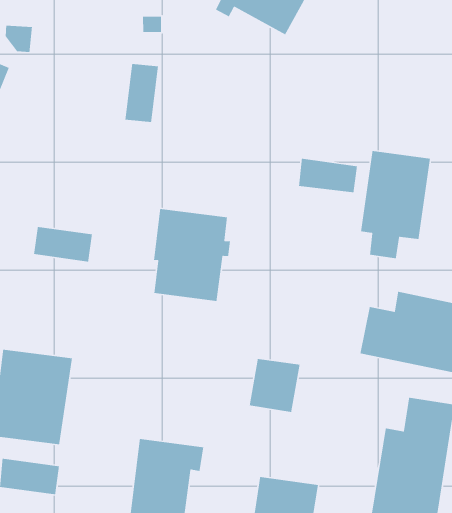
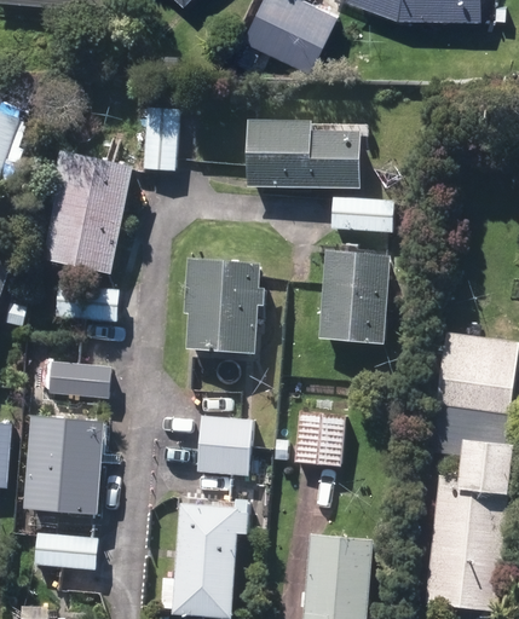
building: none -> [248,121,361,187]
building: none -> [44,151,133,274]
building: [360,150,431,259] -> [319,250,390,364]
building: none -> [40,360,110,398]
building: none -> [197,415,253,475]

